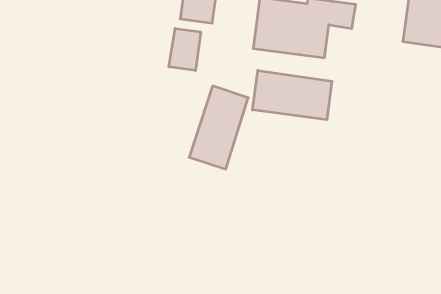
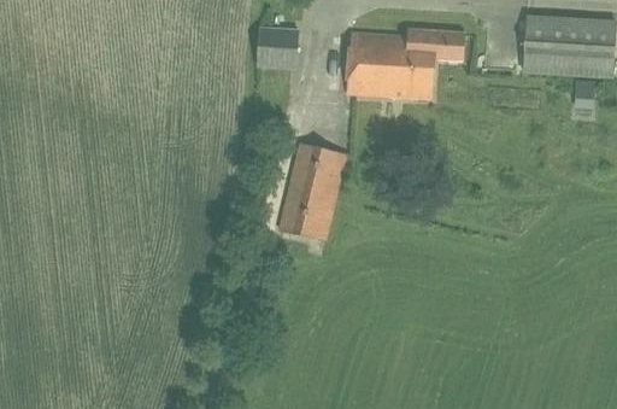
building: [169,28,201,71] -> none
building: [252,70,332,120] -> none

